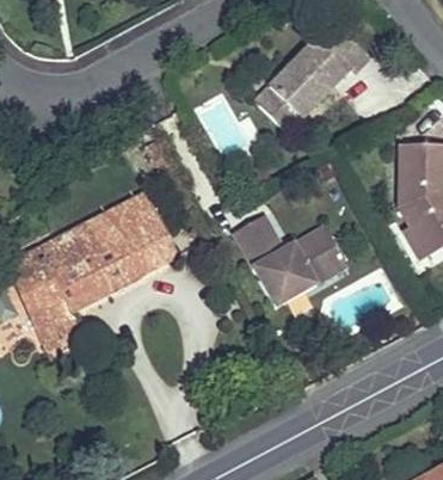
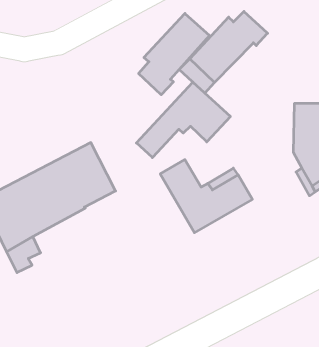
building: none -> [139,13,209,95]
building: none -> [136,82,230,158]

